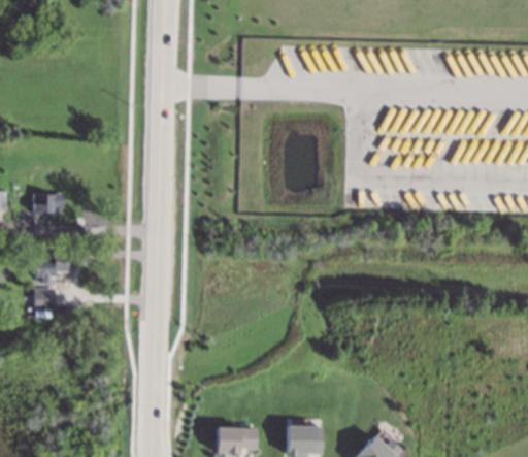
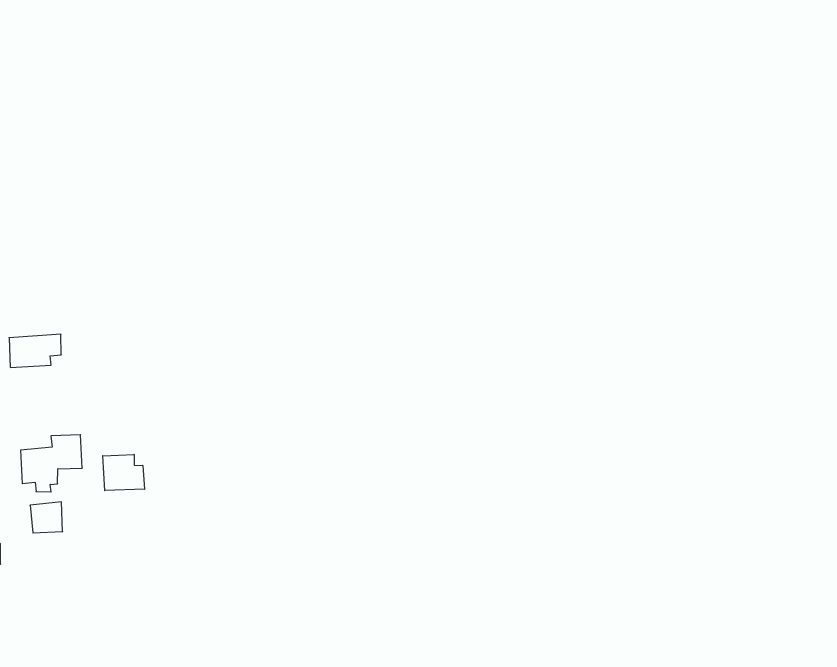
building: none -> [103,454,145,491]

